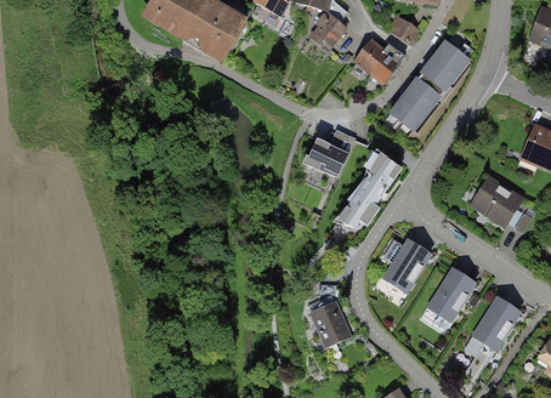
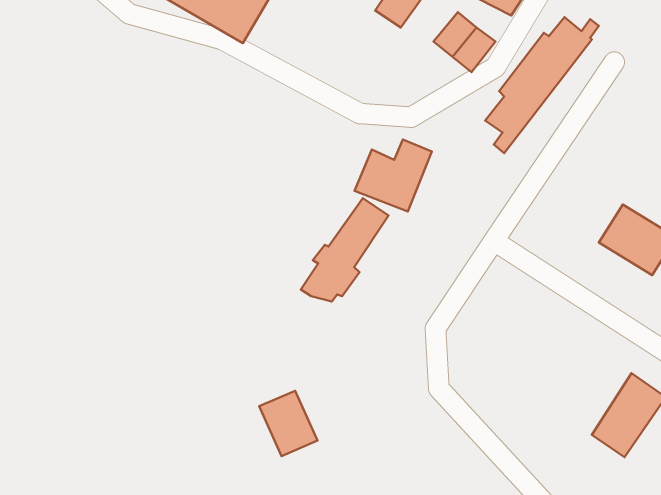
building: [339,154,401,227] -> [301,198,389,301]
building: [381,234,433,292] -> none
building: [422,265,475,323] -> none
building: [311,302,352,348] -> [259,391,318,456]

